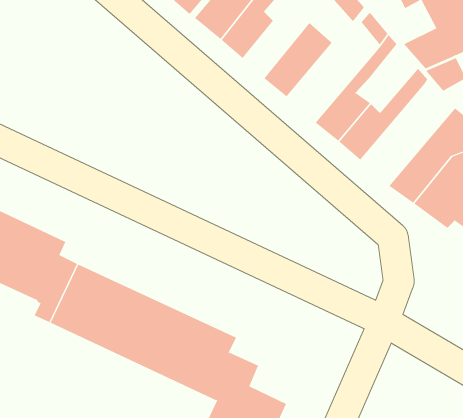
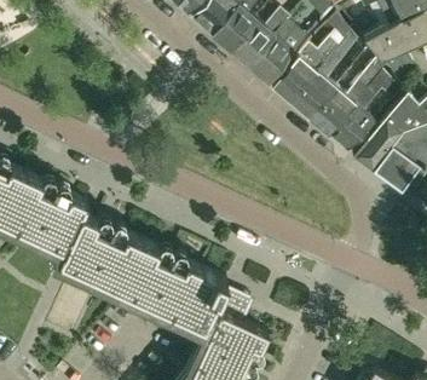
building: none -> [231,11,289,69]
building: none -> [271,39,339,105]
building: none -> [328,74,399,154]

